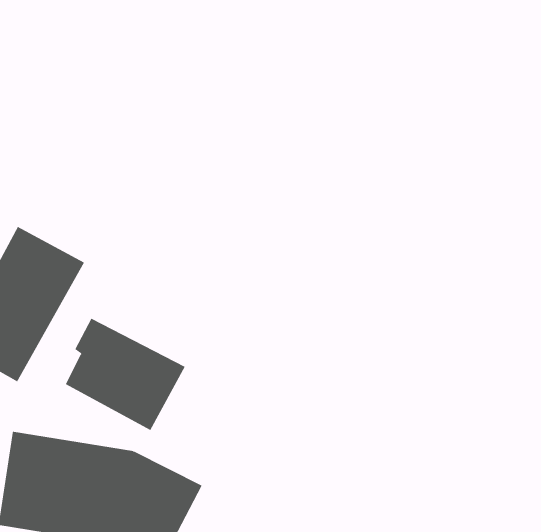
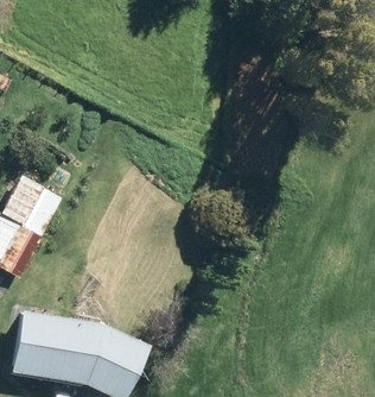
building: [65,318,185,431] -> none

